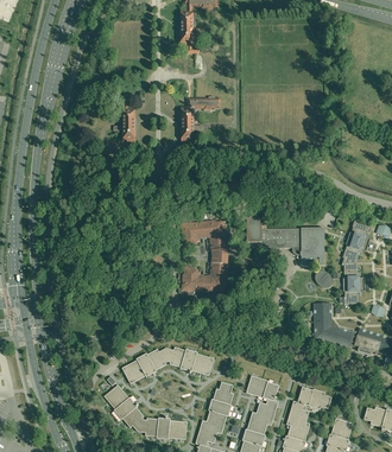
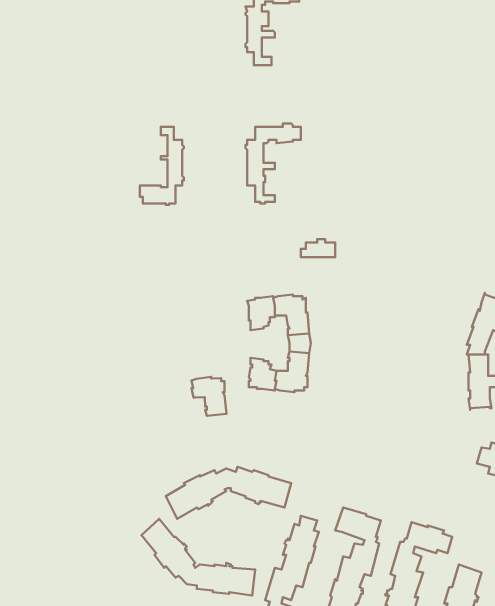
building: [247,215,333,287] -> none
building: none -> [192,377,227,416]
building: [314,303,353,346] -> none

